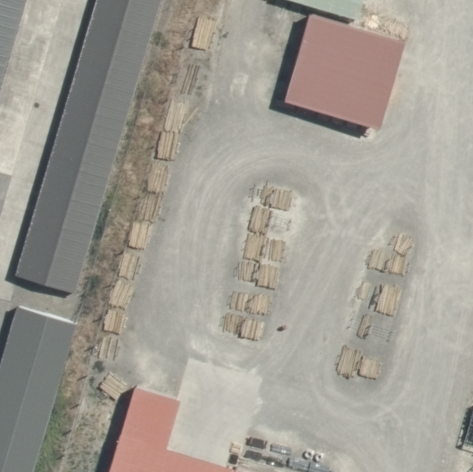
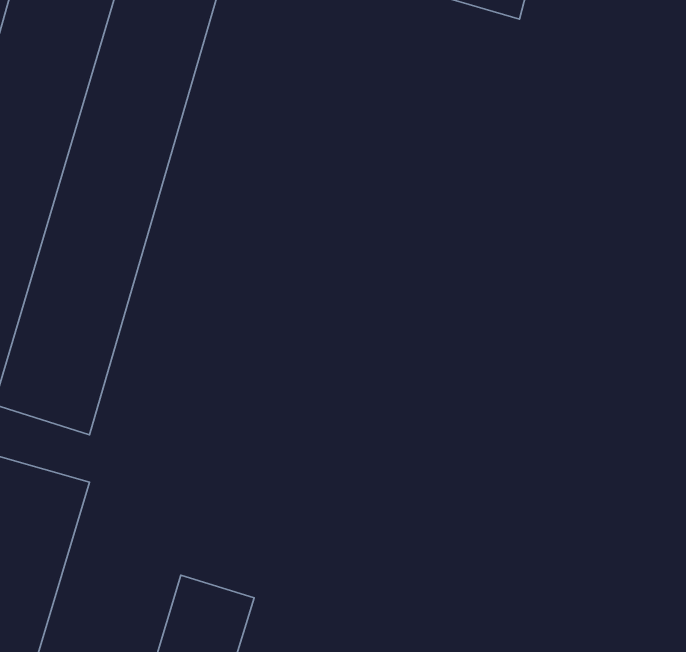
building: [282,14,408,132] -> none

